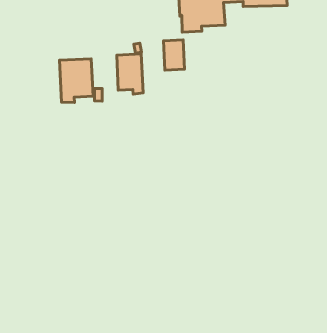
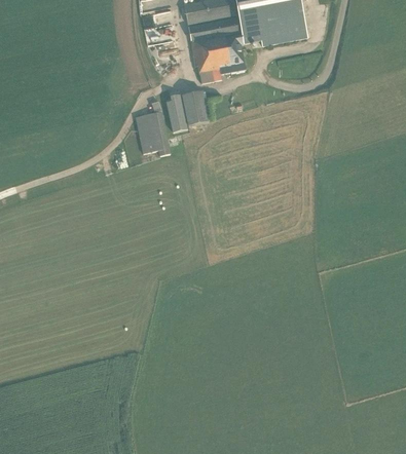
building: none -> [164,93,186,131]
building: [60,59,93,102] -> none

